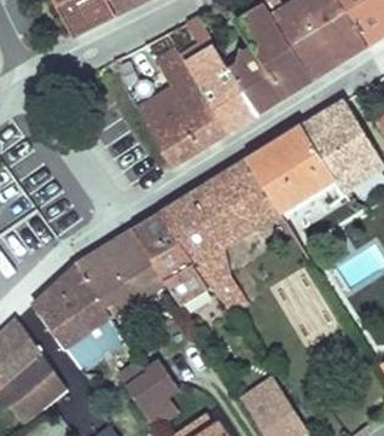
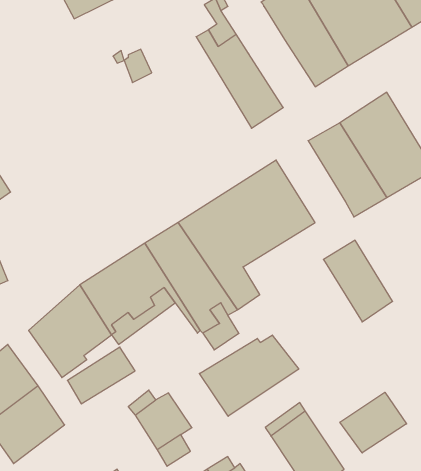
building: [134,51,227,165] -> none
building: [225,53,283,112] -> none
building: [249,141,309,213] -> [323,240,393,322]
building: none -> [199,335,299,416]
building: none -> [340,392,407,453]

